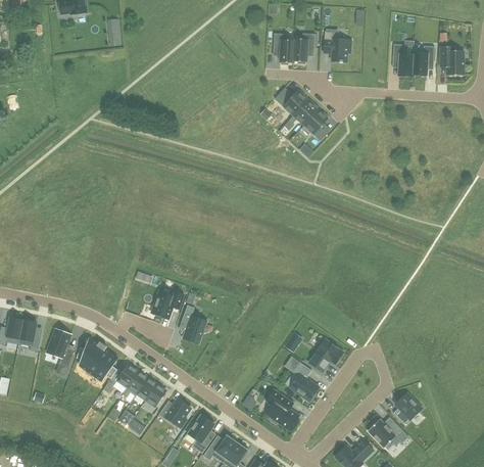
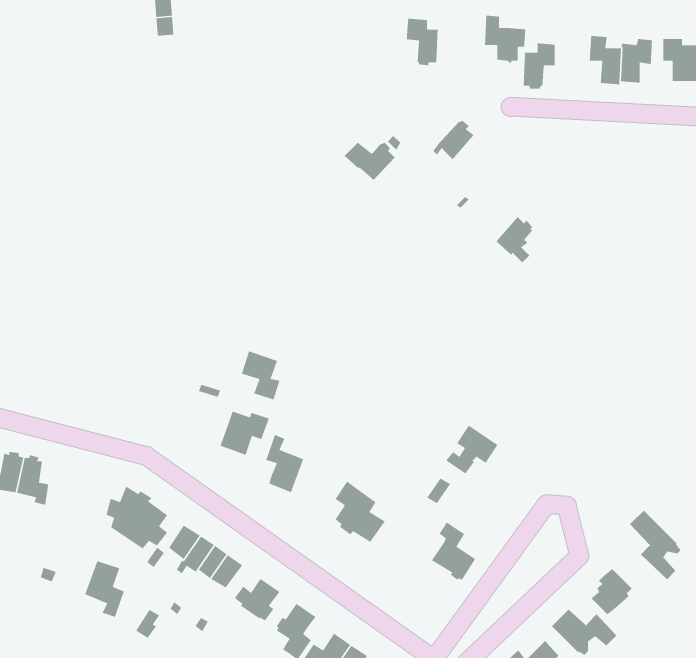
building: [292,33,313,63] -> [523,43,556,89]
building: [273,90,306,115] -> [344,142,395,181]
building: [302,109,327,140] -> [496,216,533,263]
building: none -> [241,350,281,401]
building: [46,329,72,367] -> [84,560,125,618]
building: [307,338,342,371] -> [445,425,498,475]
building: none -> [629,510,682,580]
building: [264,388,298,429] -> [334,480,386,543]

